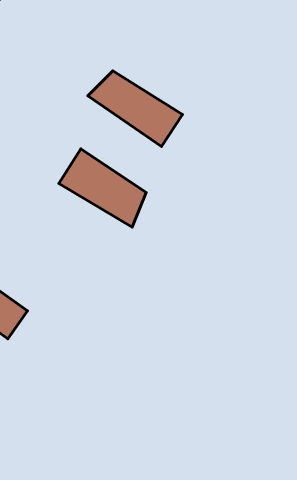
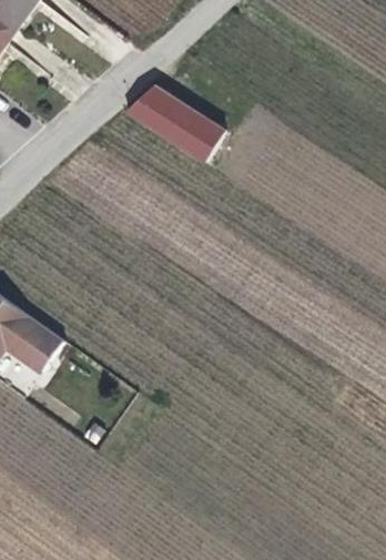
building: [59,149,146,227] -> none

